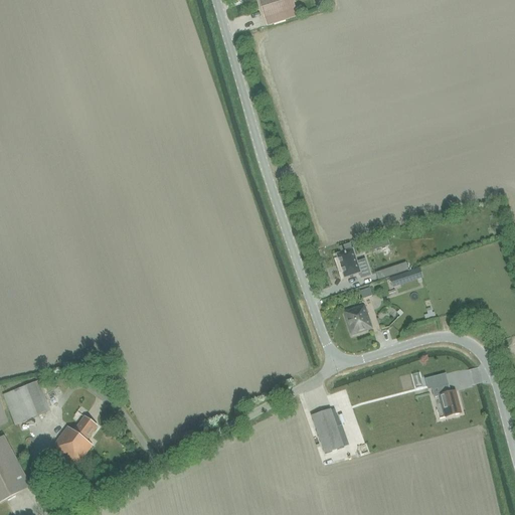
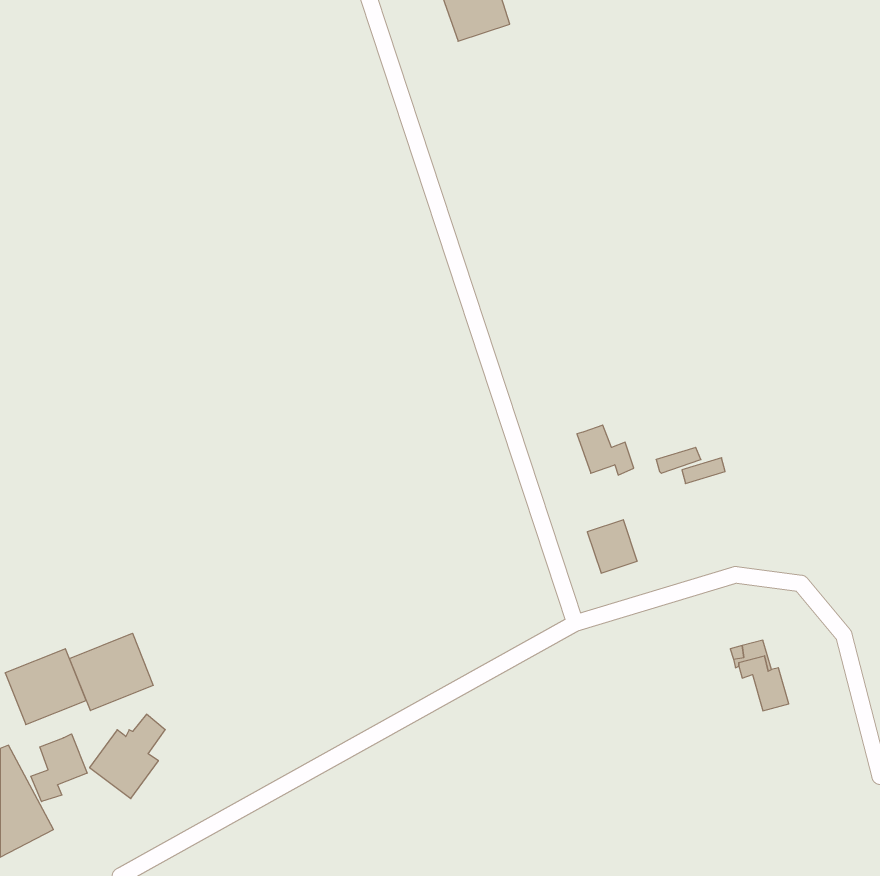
building: none -> [70,633,153,711]
building: [312,407,344,452] -> none
building: none -> [31,734,87,802]

